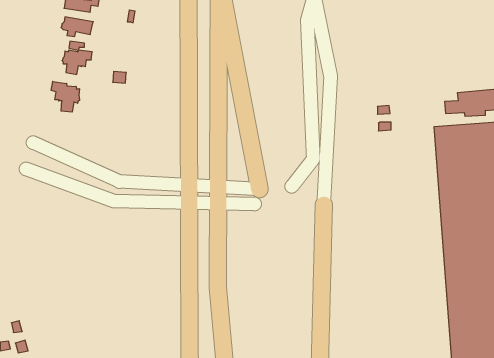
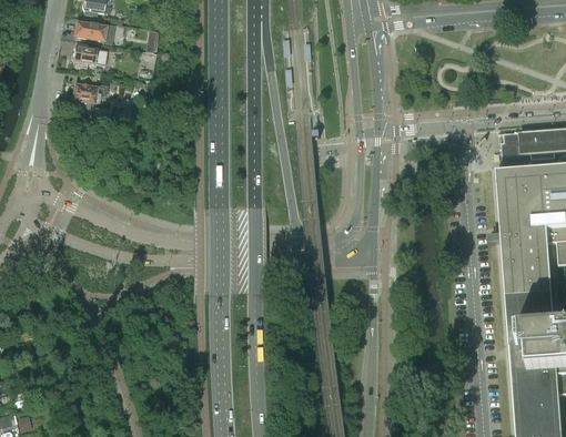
building: [51,81,79,112] -> none

